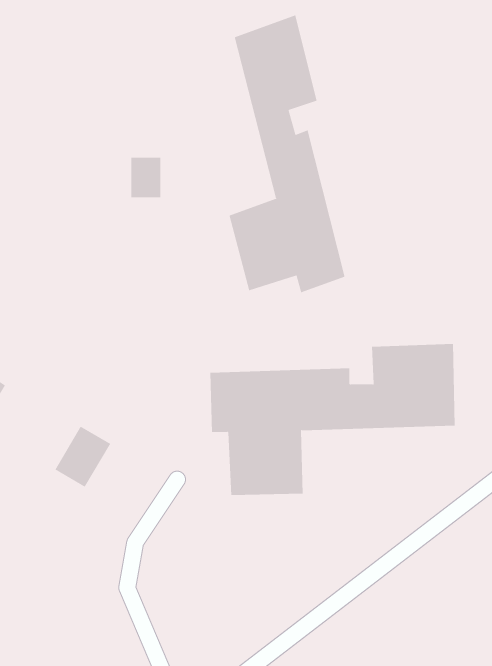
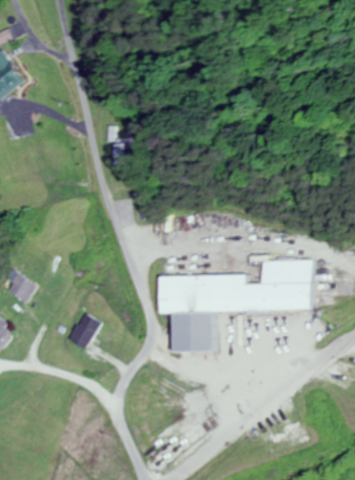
building: [229,14,345,293] -> none

